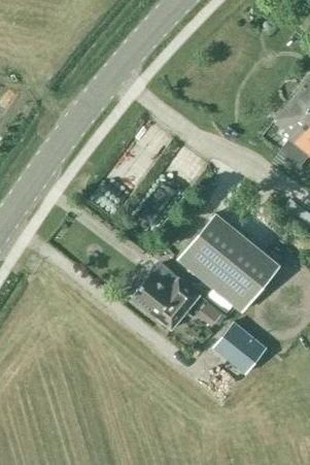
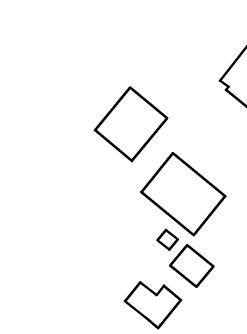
building: none -> [95,88,167,161]
building: [132,274,200,330] -> [125,282,181,328]

